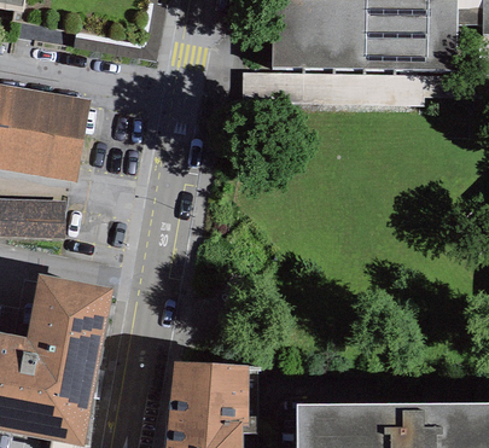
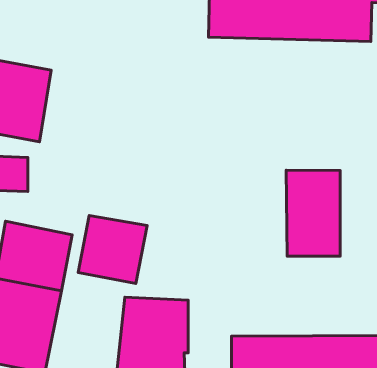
building: none -> [286,170,340,256]
building: none -> [78,215,147,284]

